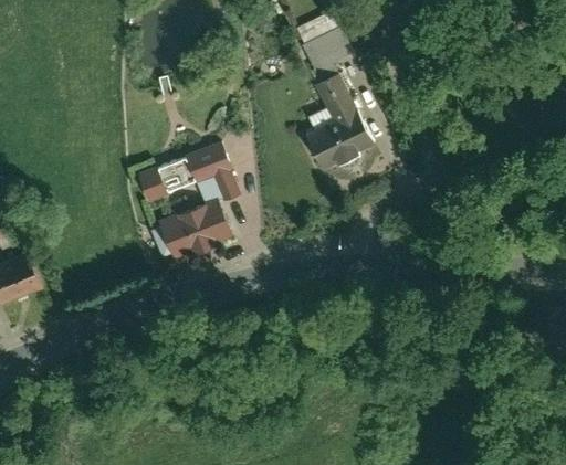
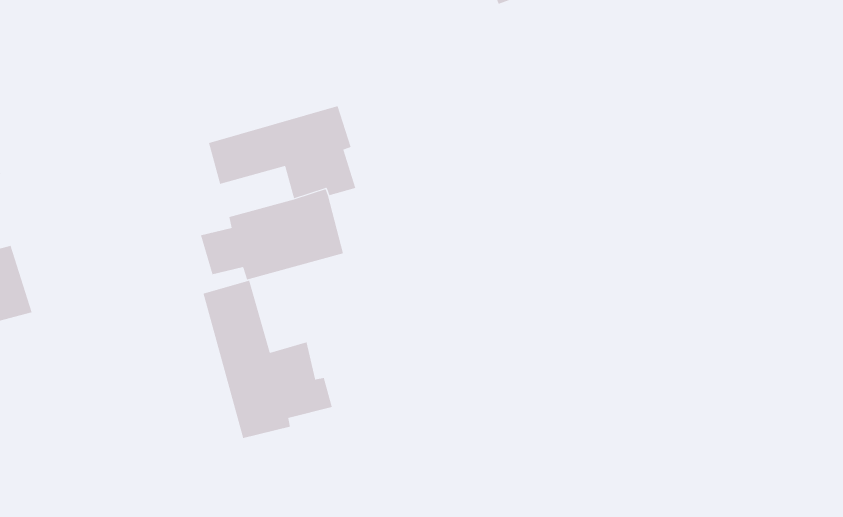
building: [301,70,375,169] -> none
building: none -> [203,280,333,439]

